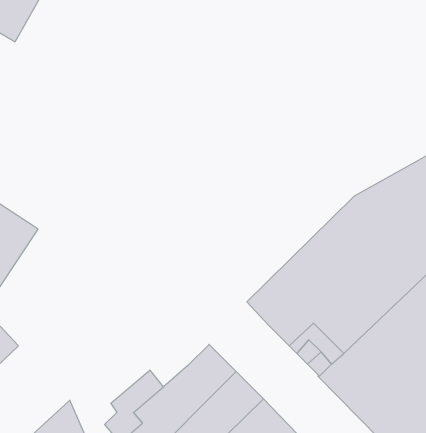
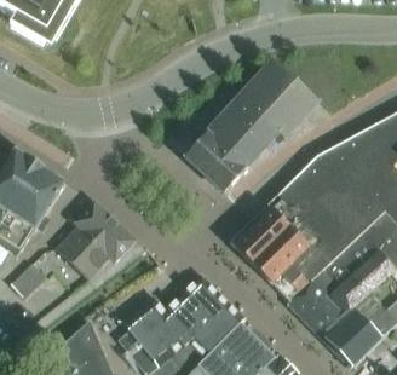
building: none -> [186,60,321,194]
building: none -> [57,202,137,282]

